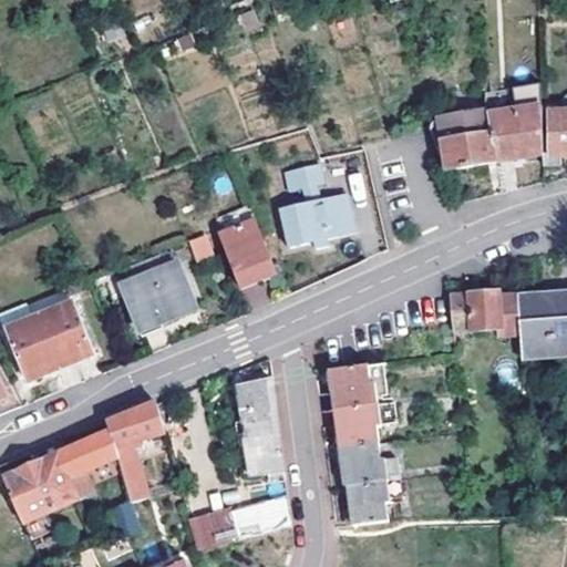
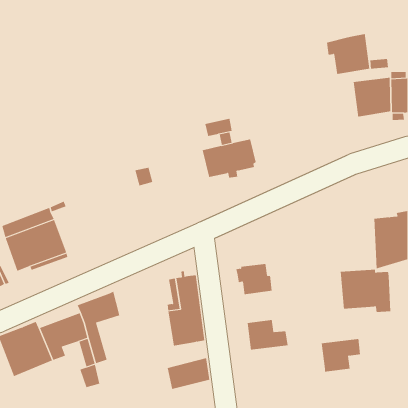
building: [433,113,494,169] -> [326,34,370,74]
building: [216,203,276,285] -> none
building: [121,255,195,331] -> none
building: [447,291,518,351] -> [340,269,391,312]
building: [337,399,399,445] -> none
building: [346,476,401,523] -> [321,338,361,372]
building: [187,507,237,548] -> none

